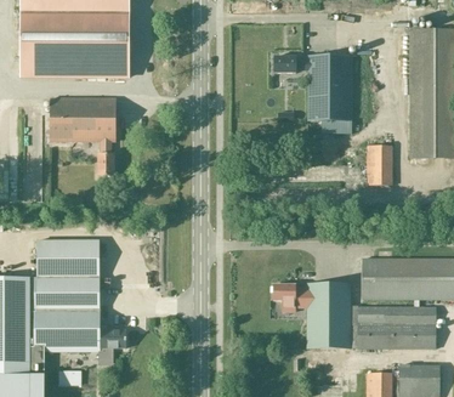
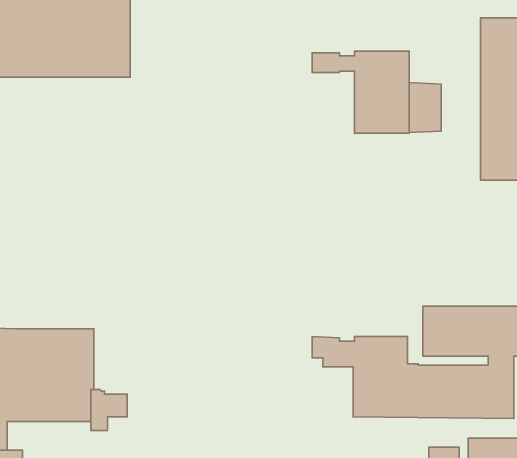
building: [50,97,114,175] -> none
building: [367,144,392,185] -> [409,83,441,133]
building: [36,239,98,277] -> none

